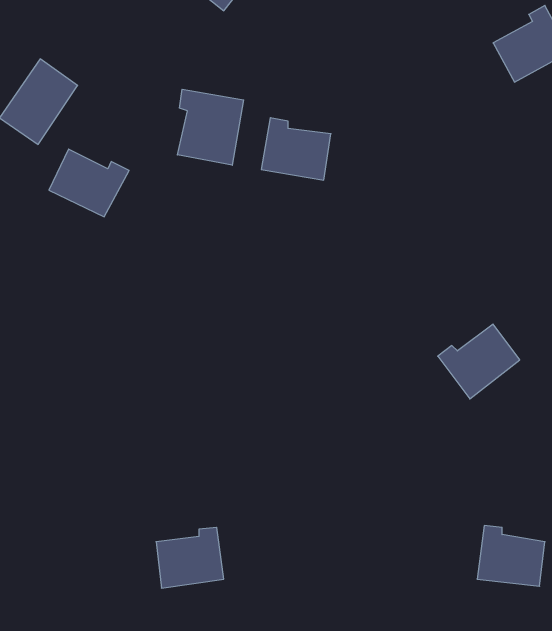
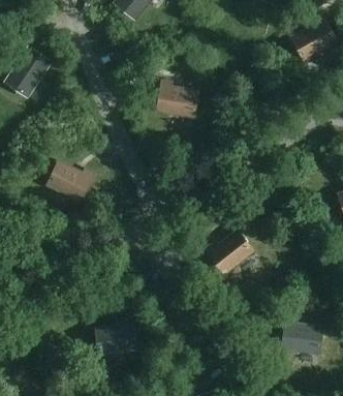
building: [177,89,244,165] -> none
building: [49,149,129,217] -> [48,162,94,202]
building: [438,324,520,399] -> [206,231,253,274]

